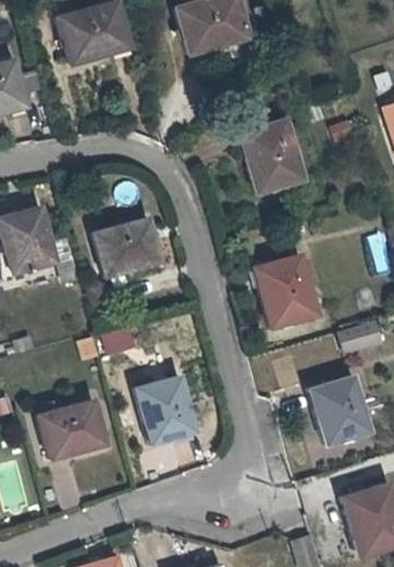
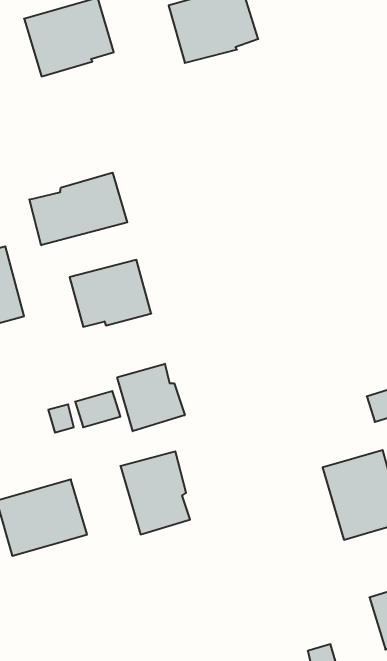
building: [241,115,303,189] -> none
building: none -> [29,173,127,245]
building: [256,252,317,326] -> none
building: none -> [117,364,185,431]

